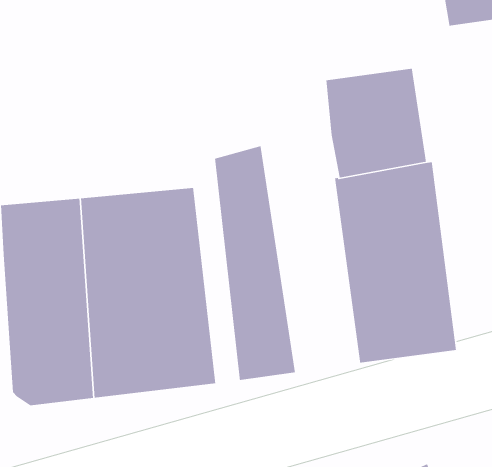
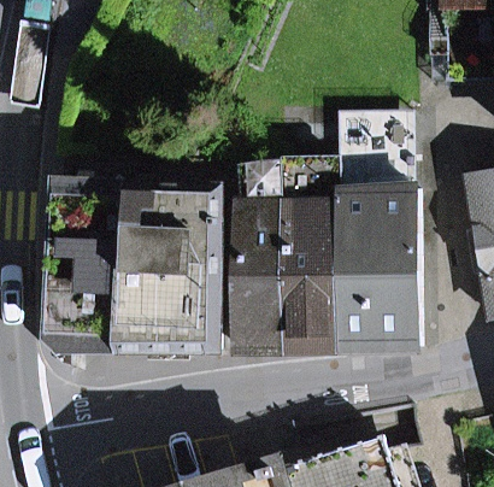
building: none -> [276,162,336,352]

